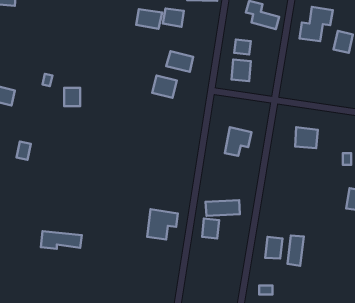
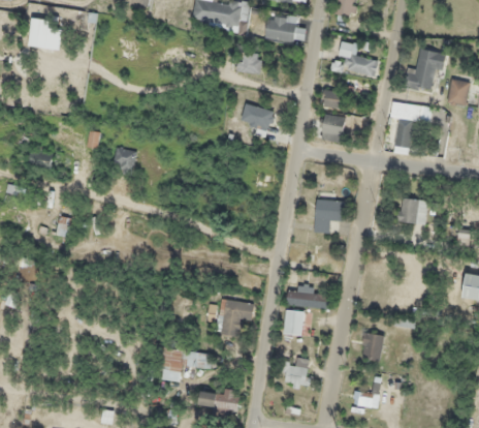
building: [136,9,162,29] -> none
building: none -> [391,101,422,154]
building: [152,75,177,98] -> none
building: [41,231,82,249] -> [162,348,213,370]
building: [288,235,304,266] -> none
building: none -> [285,366,312,387]
building: none -> [199,390,240,410]

